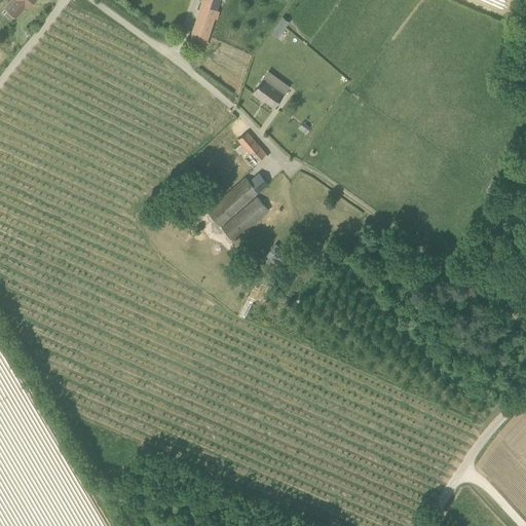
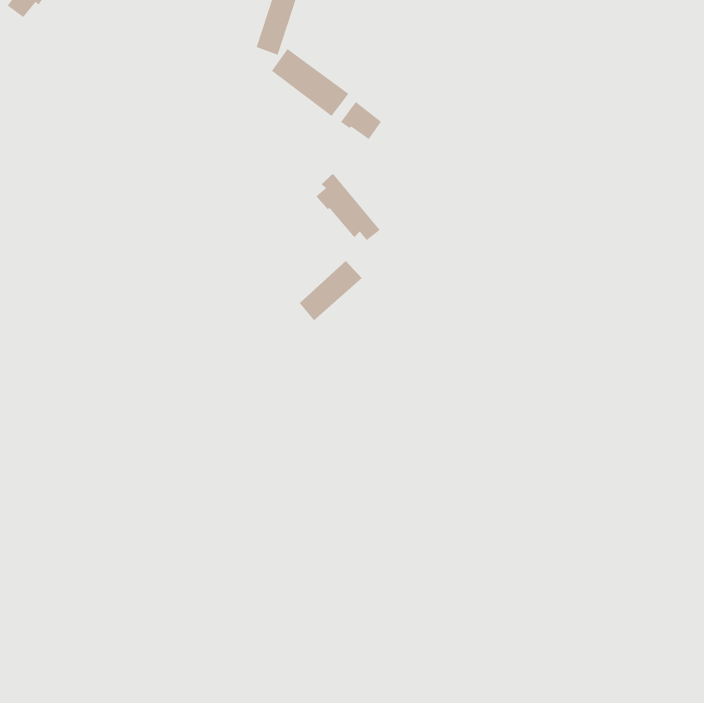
building: none -> [271,48,349,117]
building: [210,174,261,223] -> none

